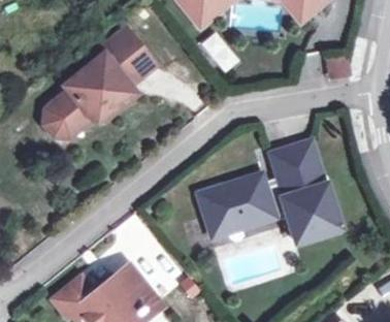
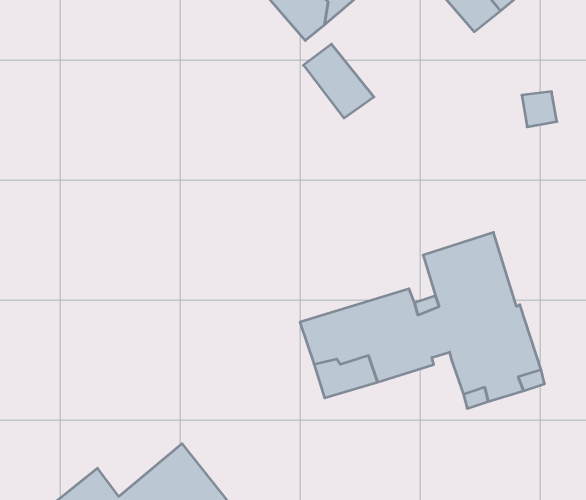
building: [43,29,156,139] -> none

